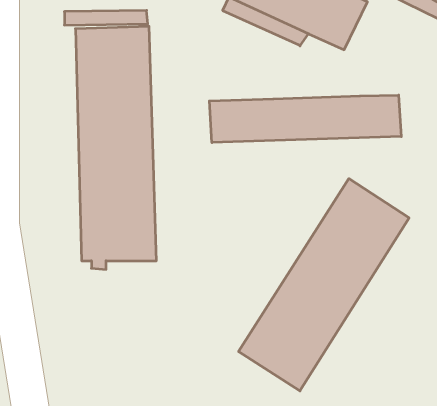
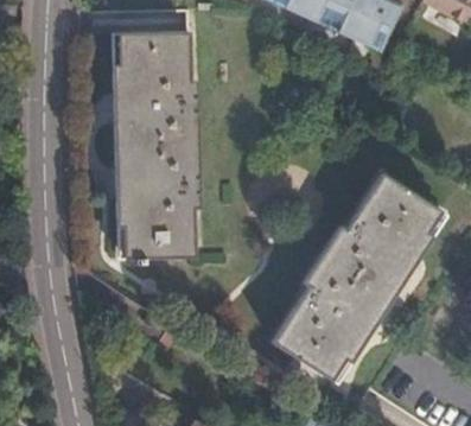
building: [209,95,401,143] -> none

